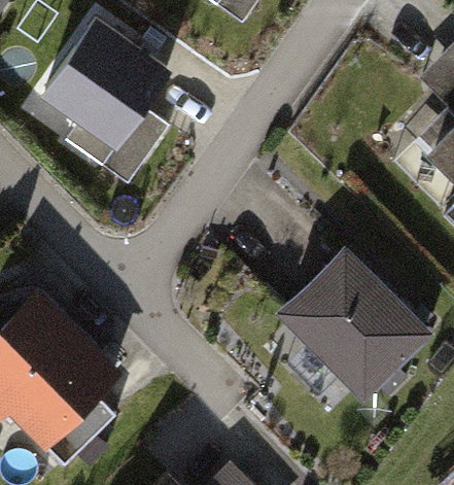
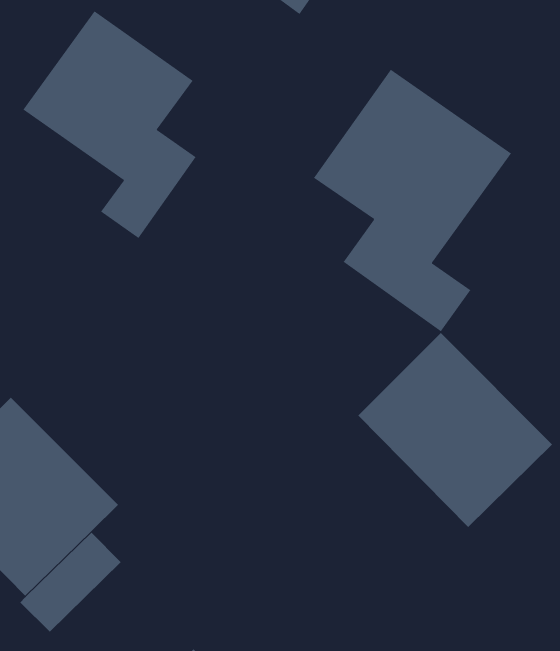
building: none -> [313,69,512,332]

